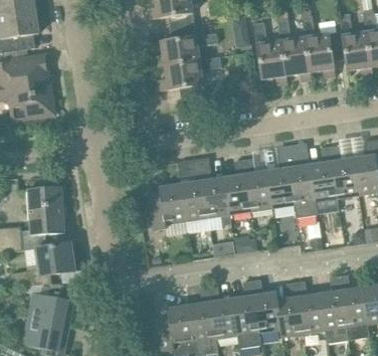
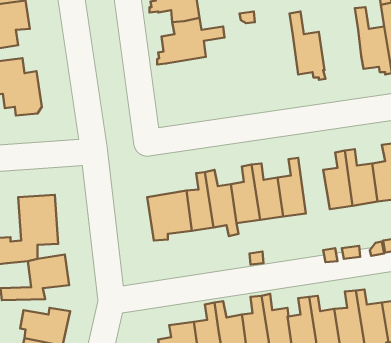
building: [302,14,344,76] -> none
building: [251,21,287,83] -> none
building: [158,56,220,100] -> none
building: [286,152,317,217] -> none

